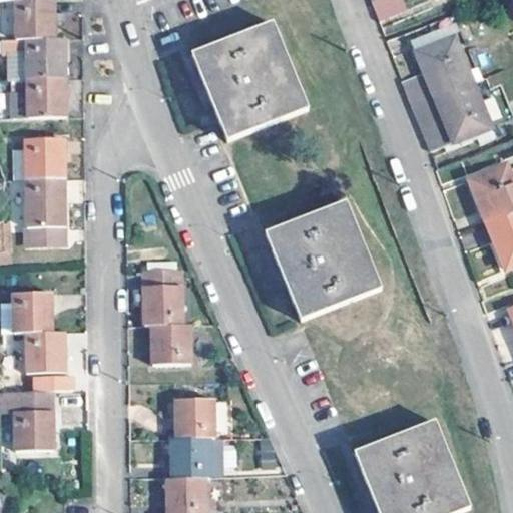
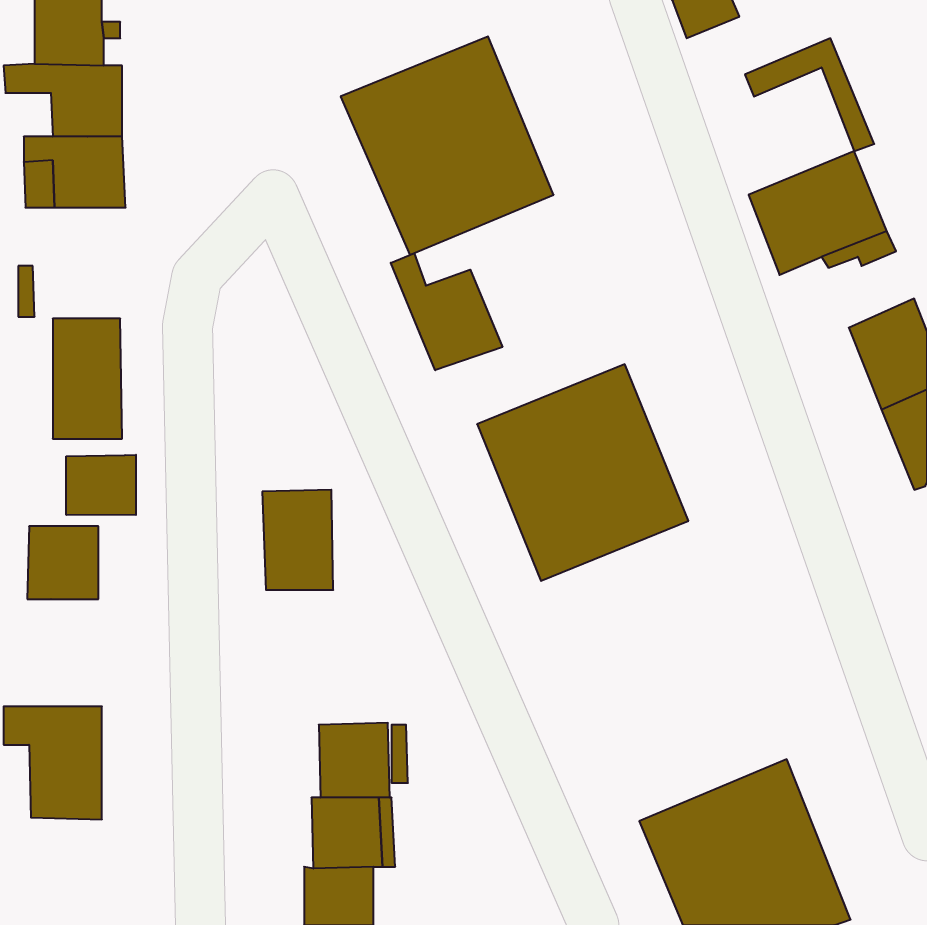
building: [401,37,470,107] -> none
building: [28,134,66,175] -> none
building: none -> [391,253,502,370]
building: none -> [66,455,136,515]
building: [153,325,191,365] -> none
building: [28,330,66,368] -> none

